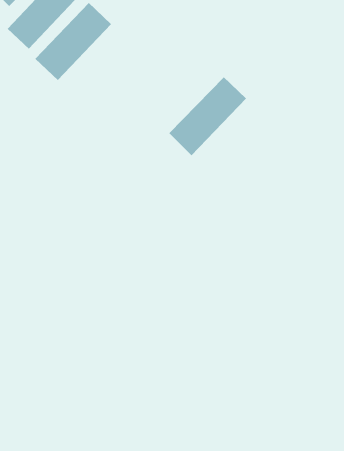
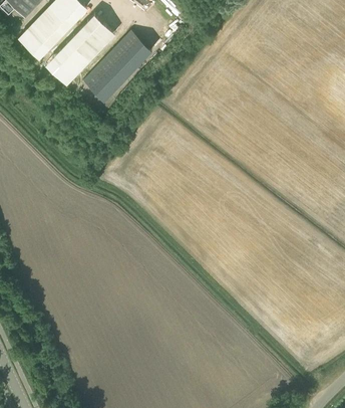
building: [168,77,247,156] -> [83,32,151,101]

